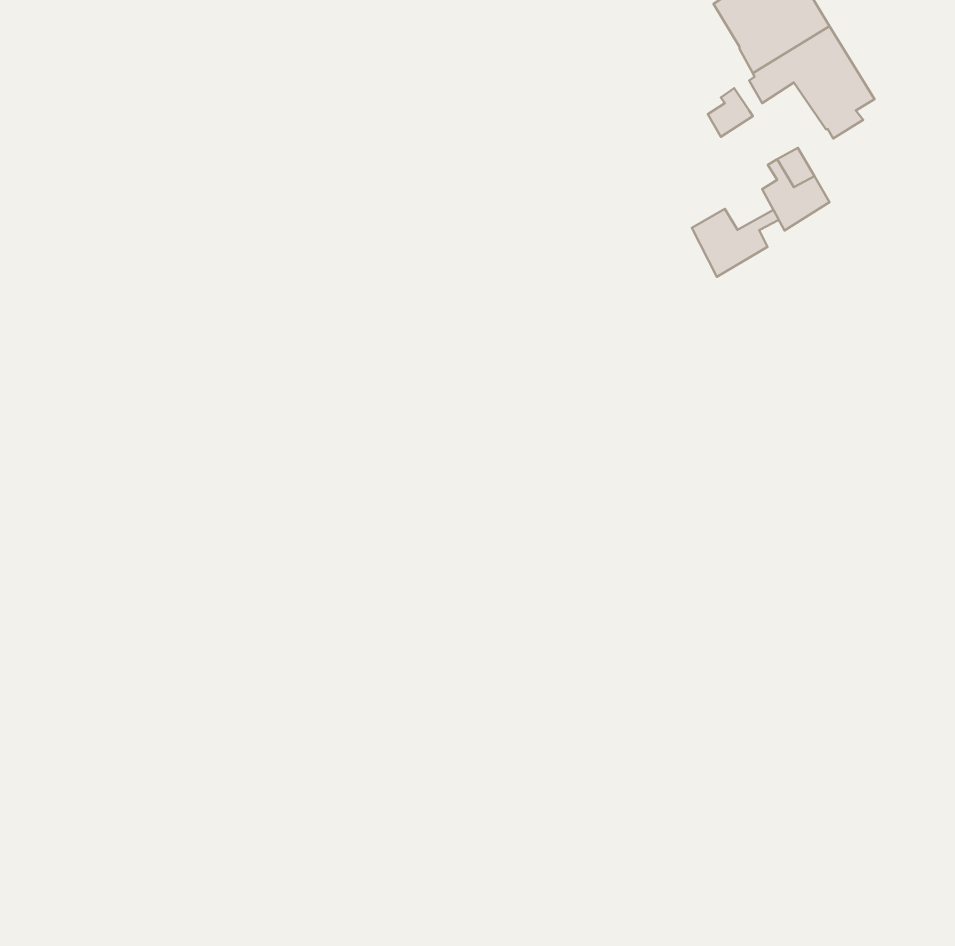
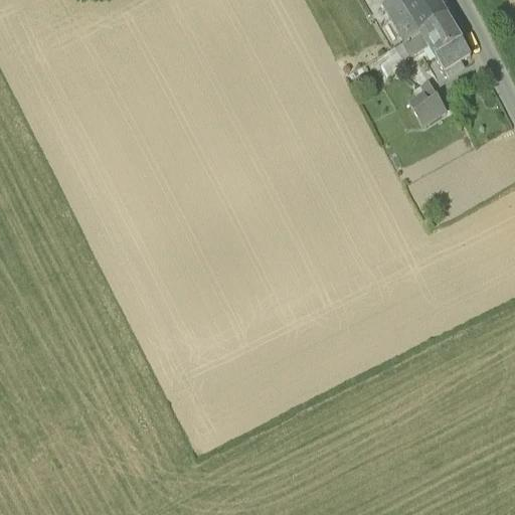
building: [692,209,779,277] -> none

